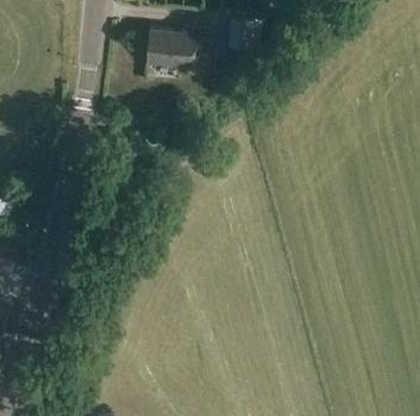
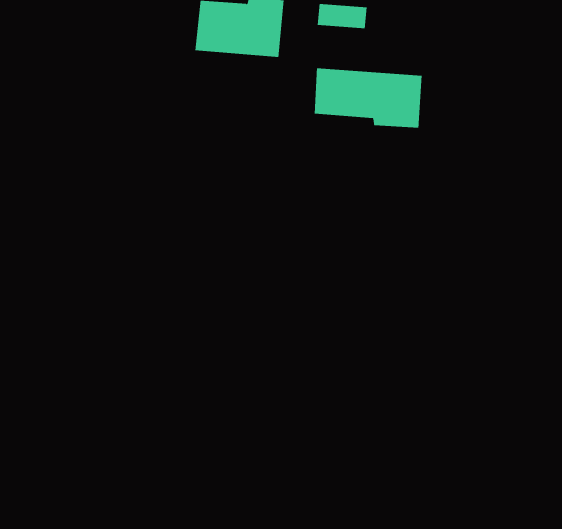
building: none -> [314,67,422,129]

